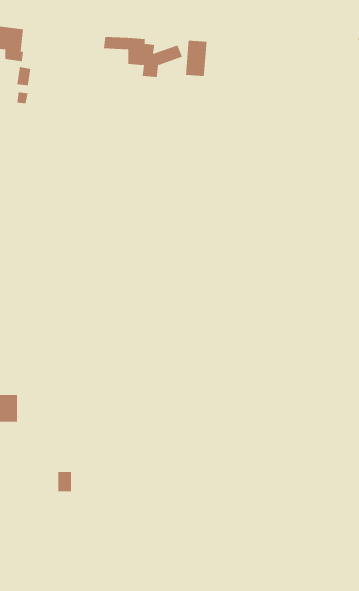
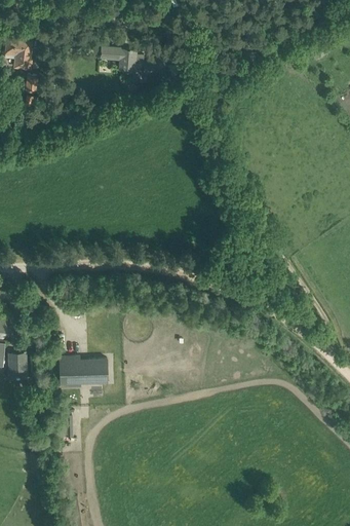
building: [186,40,207,77] -> none
building: none -> [59,356,107,387]

